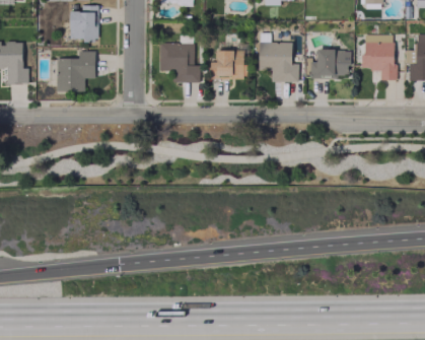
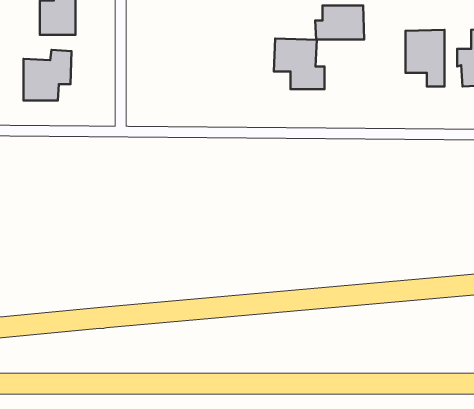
building: [159,43,200,82] -> none
building: [210,50,243,79] -> none
building: [310,50,350,77] -> [315,5,364,39]

